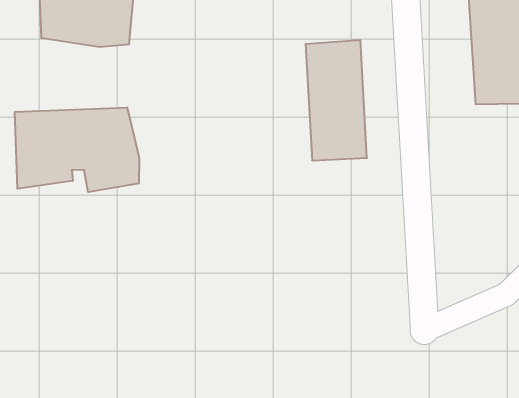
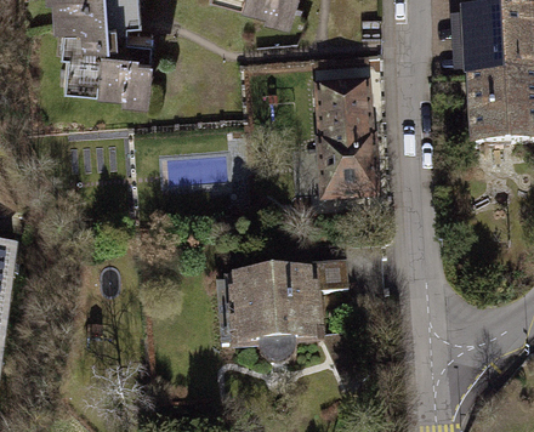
building: [15,107,139,192] -> none
building: none -> [211,258,345,360]

